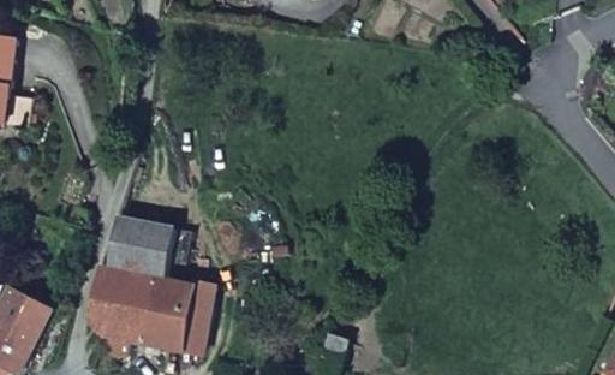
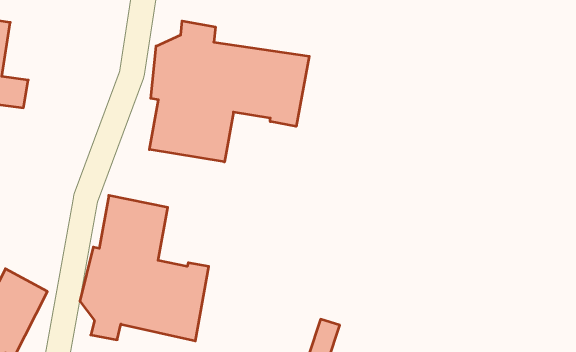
building: none -> [149,21,309,162]

